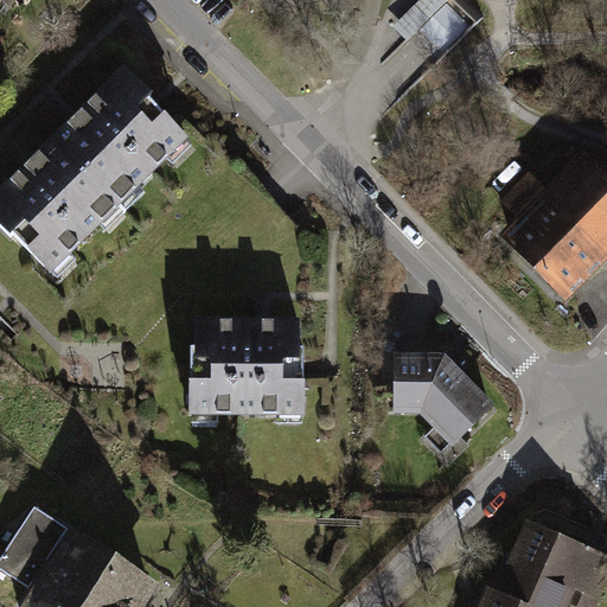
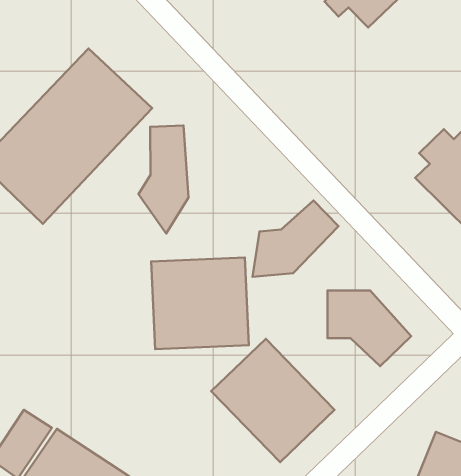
building: none -> [139,125,189,233]
building: none -> [252,200,339,277]
building: none -> [211,339,335,462]

